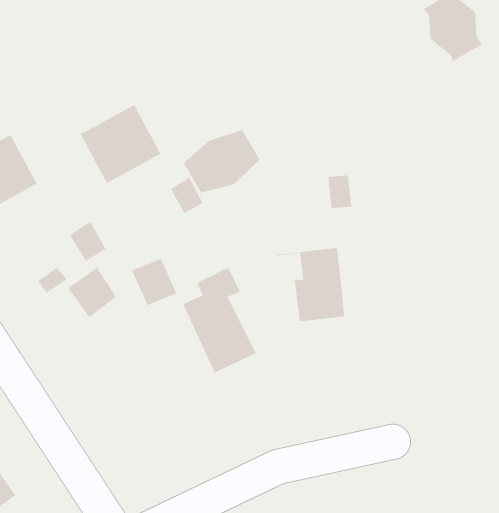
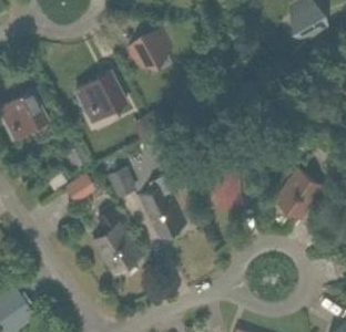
building: [183,130,261,193] -> [125,31,174,71]
building: none -> [273,169,325,222]
building: none -> [93,207,142,276]

